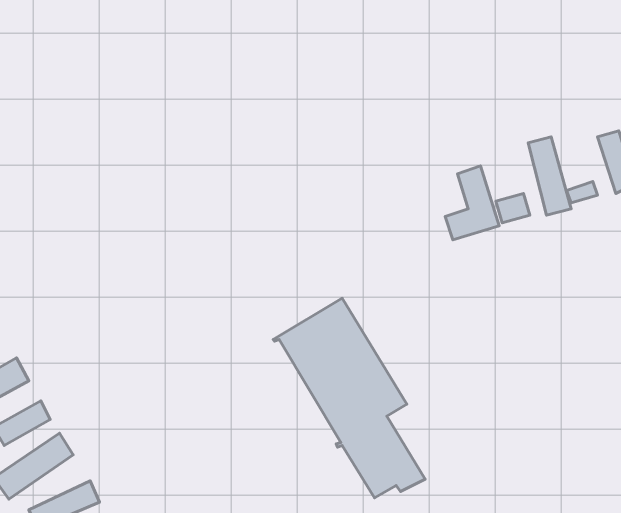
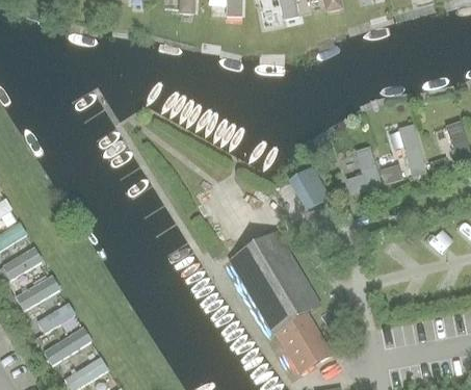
building: none -> [288,168,325,209]

